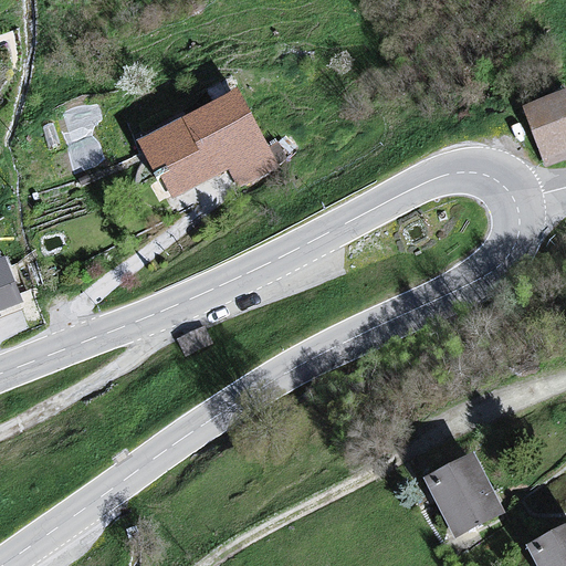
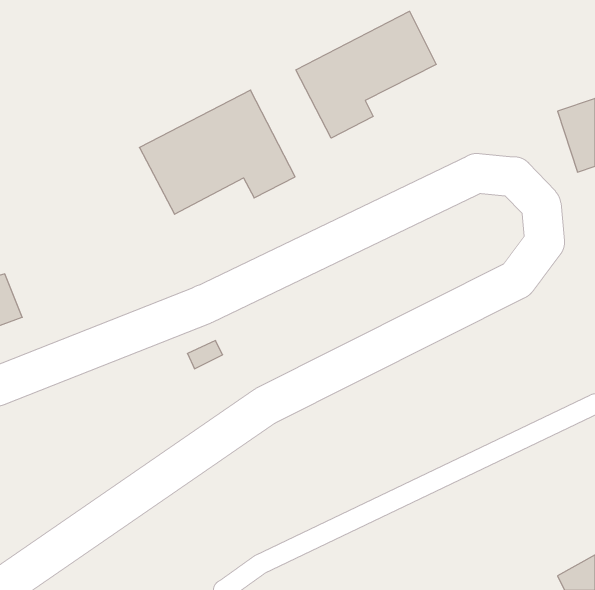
building: none -> [296,11,436,138]
building: [427,457,506,539] -> none

